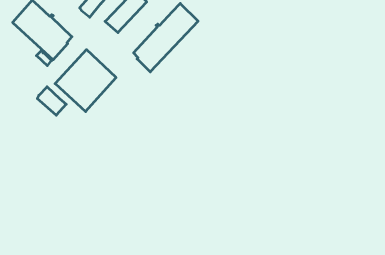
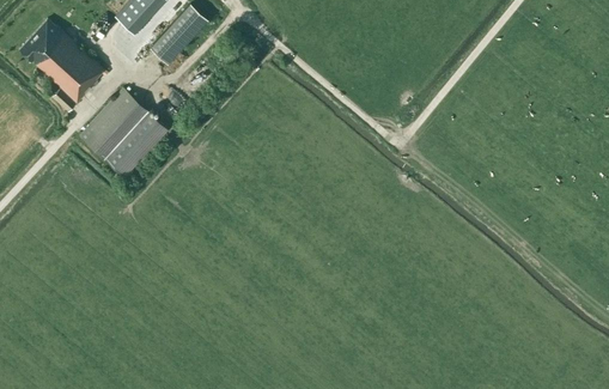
building: [134,3,198,72] -> none
building: [37,87,66,115] -> none

